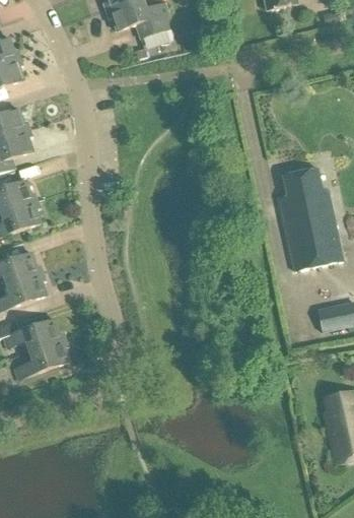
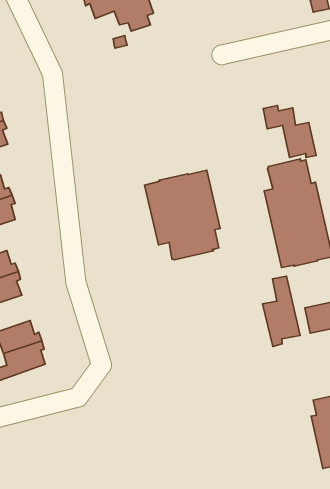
building: none -> [263,105,316,158]
building: none -> [144,170,220,260]
building: none -> [263,276,300,346]

